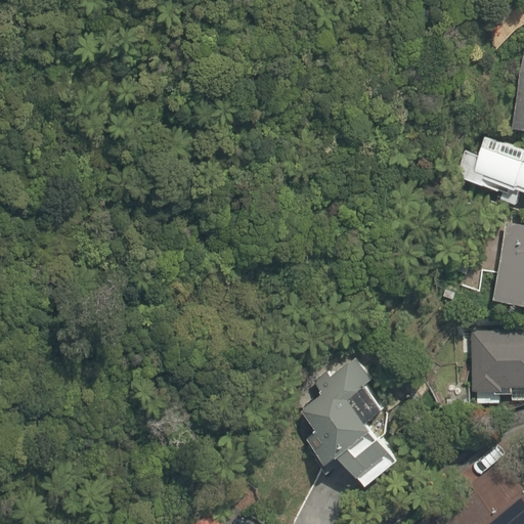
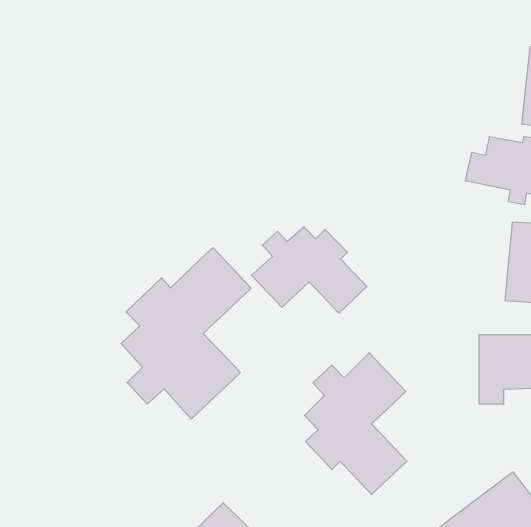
building: none -> [251,227,367,313]
building: none -> [121,248,251,419]

